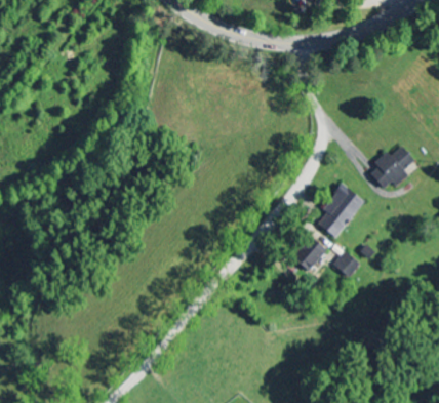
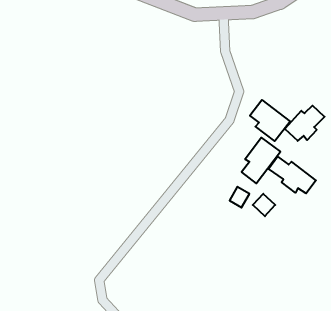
building: none -> [250,100,290,141]
building: none -> [268,157,316,193]

